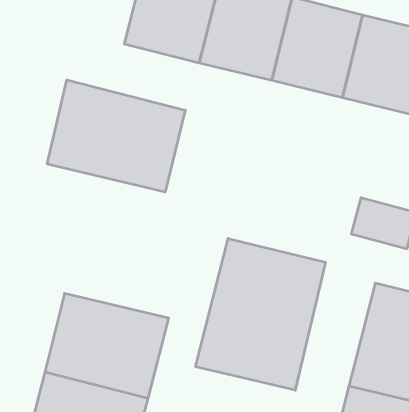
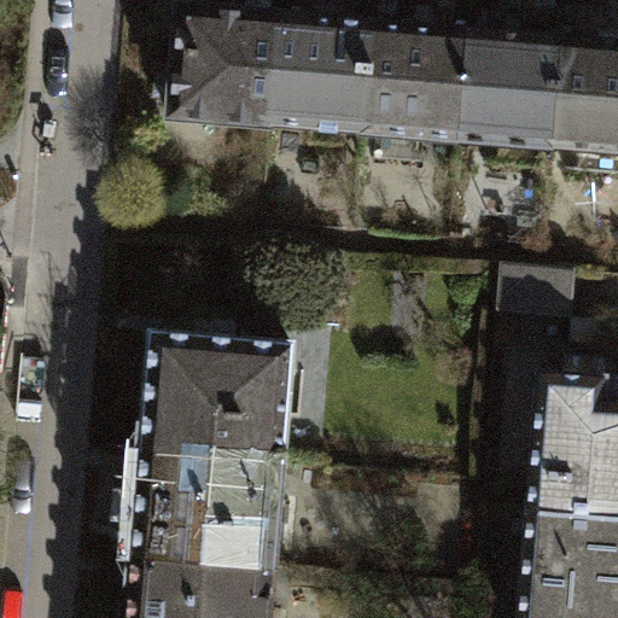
building: [47,80,185,192] -> none
building: none -> [147,338,293,461]
building: [196,238,325,390] -> none

